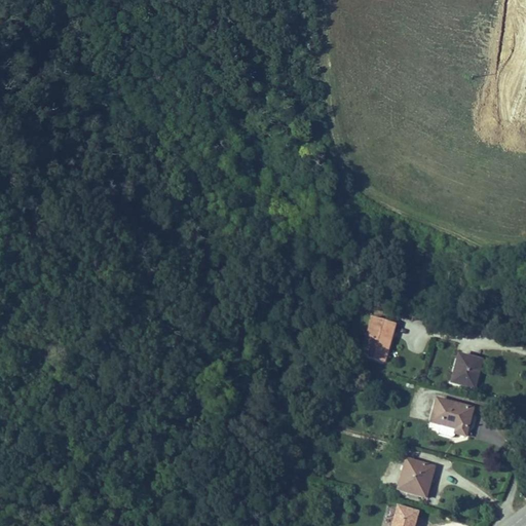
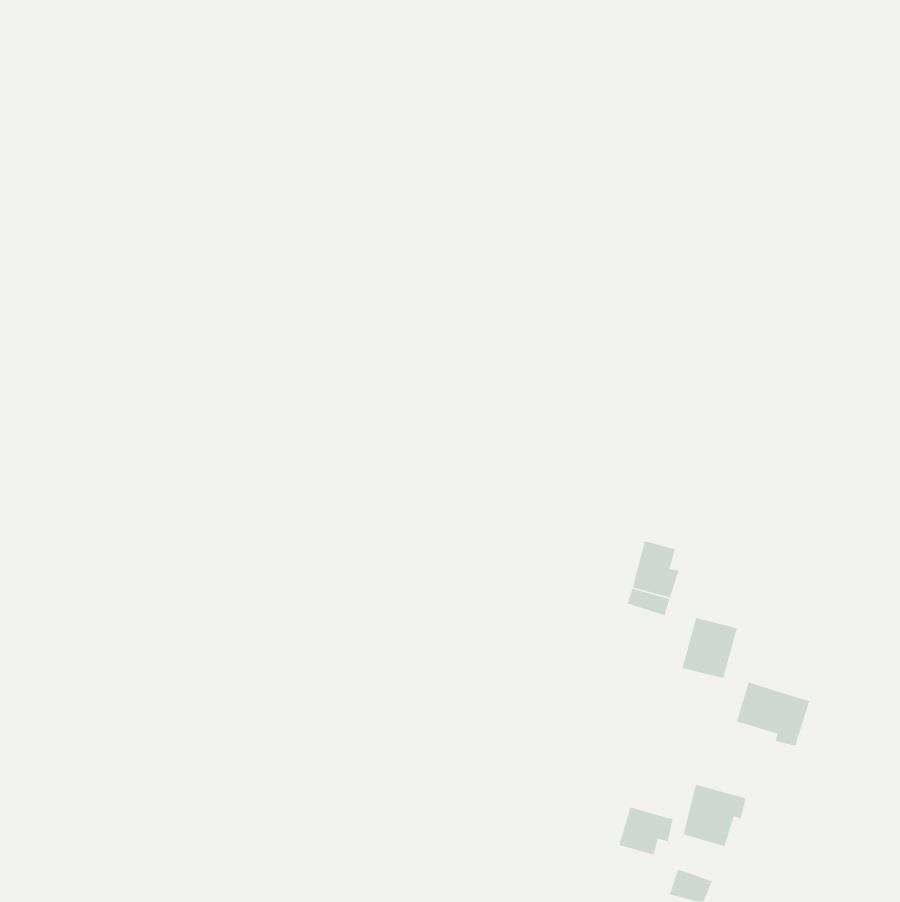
building: [451,353,484,389] -> [682,617,738,679]
building: none -> [618,807,673,855]

